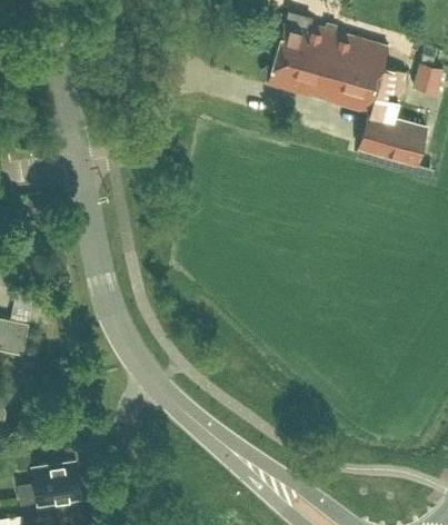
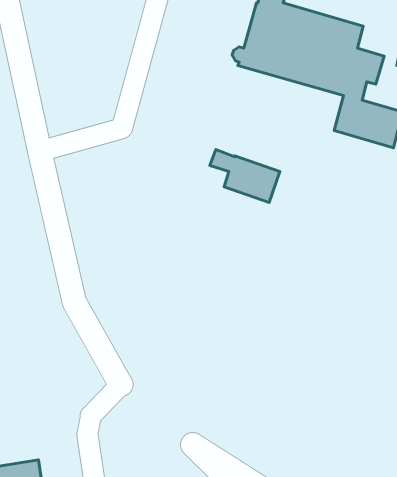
building: none -> [210,150,280,203]

